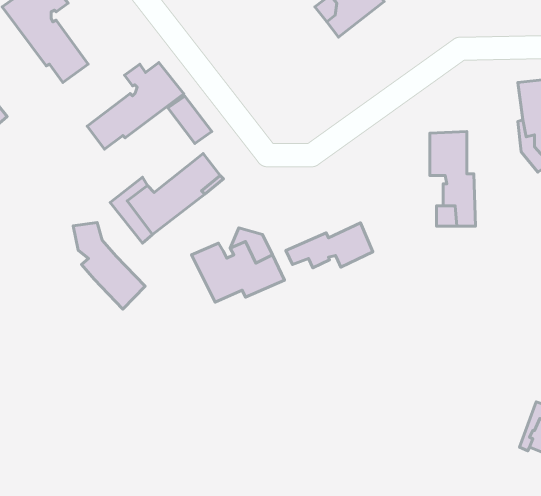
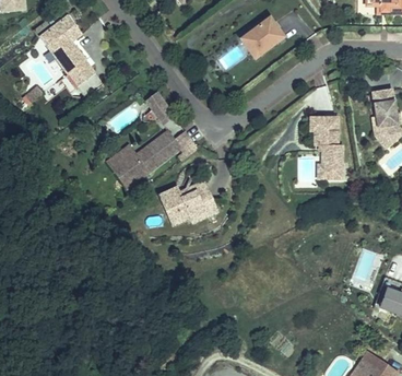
building: [87,62,184,149] -> none
building: [73,222,145,309] -> none
building: [286,223,373,268] -> none

